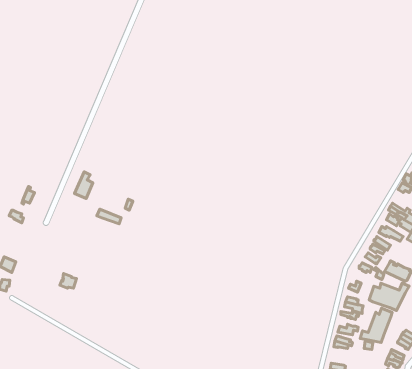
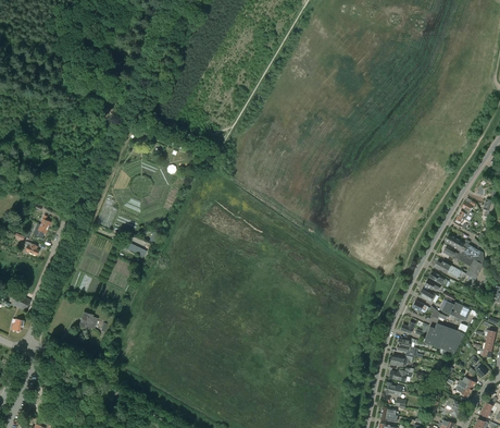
building: [360,308,392,343] -> none

